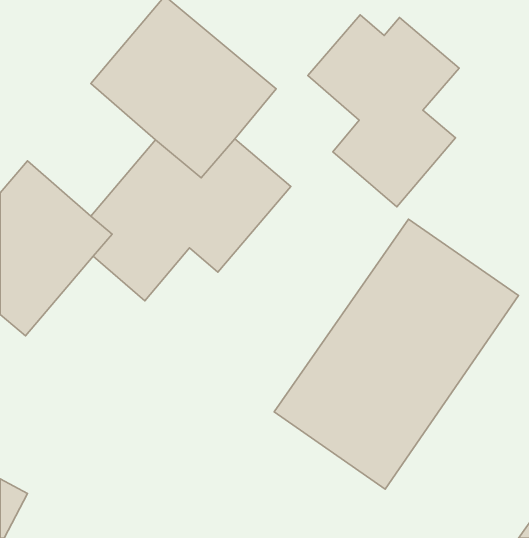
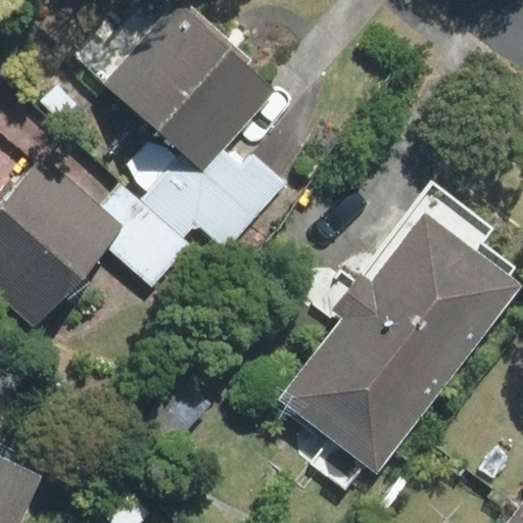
building: [308,15,459,207] -> none

